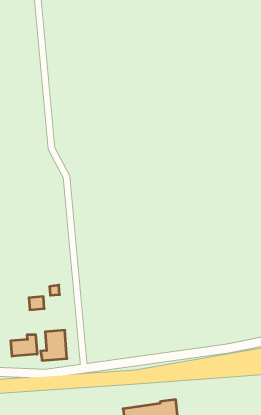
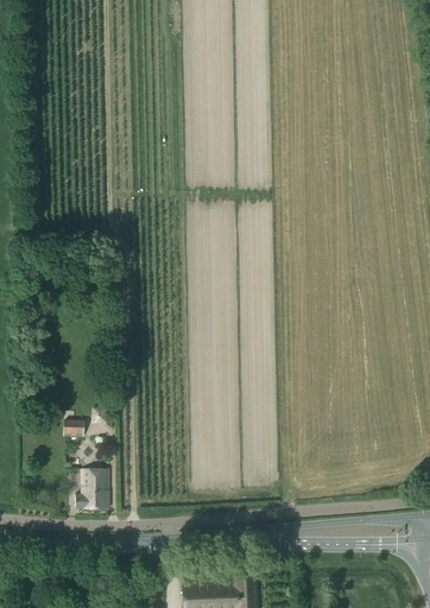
building: [11,335,37,356] -> none

